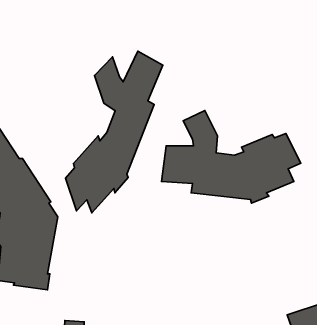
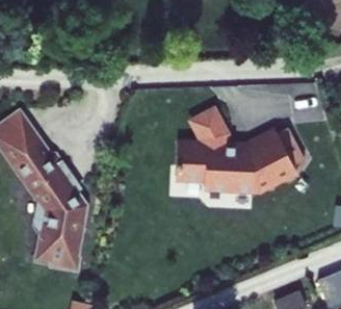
building: [66,51,163,213] -> none

